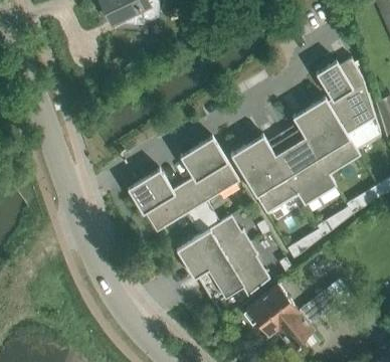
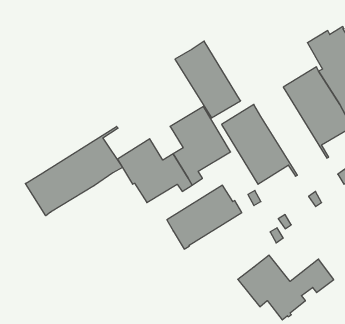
building: [269,129,335,205] -> [175,41,241,118]
building: none -> [25,126,123,216]
building: [198,242,270,304] -> none

